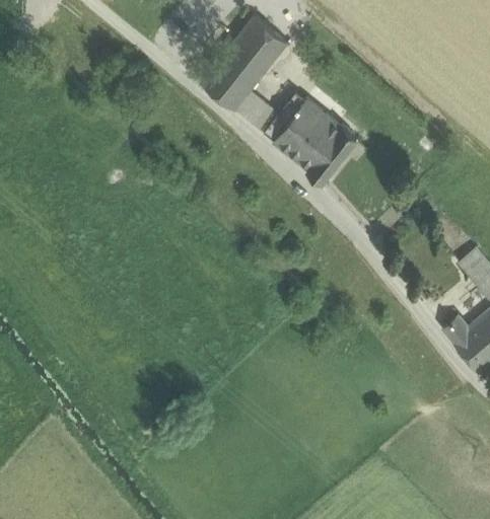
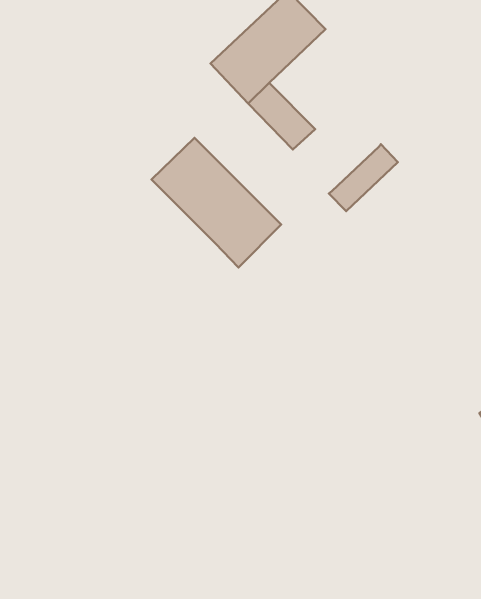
building: [273,98,340,166] -> none
building: none -> [151,138,281,268]

